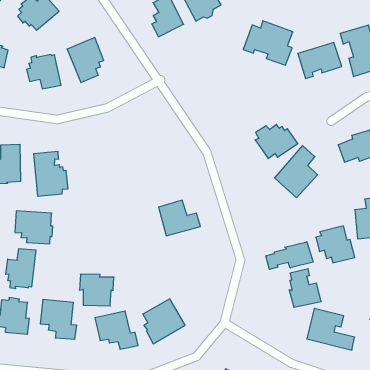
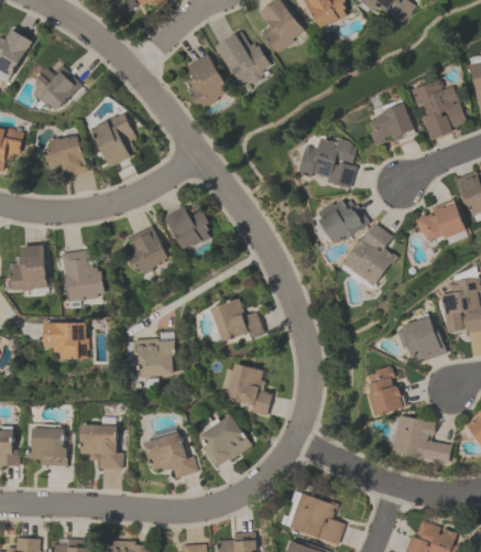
building: [243,21,293,65] -> [299,138,357,188]
building: none -> [162,204,208,250]
building: none -> [124,225,166,273]
building: [266,242,313,269] -> none
building: [6,249,36,289] -> none
building: none -> [226,362,271,415]
building: [79,274,114,306] -> [133,338,173,376]

